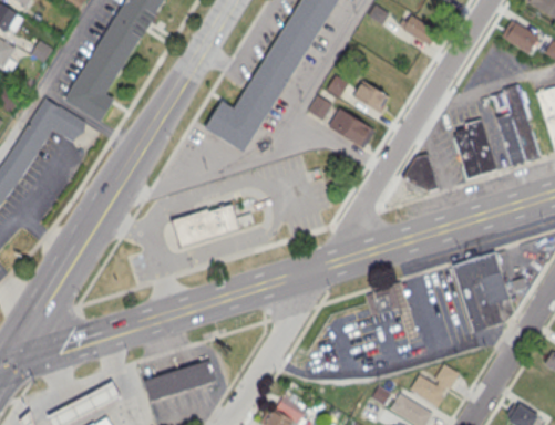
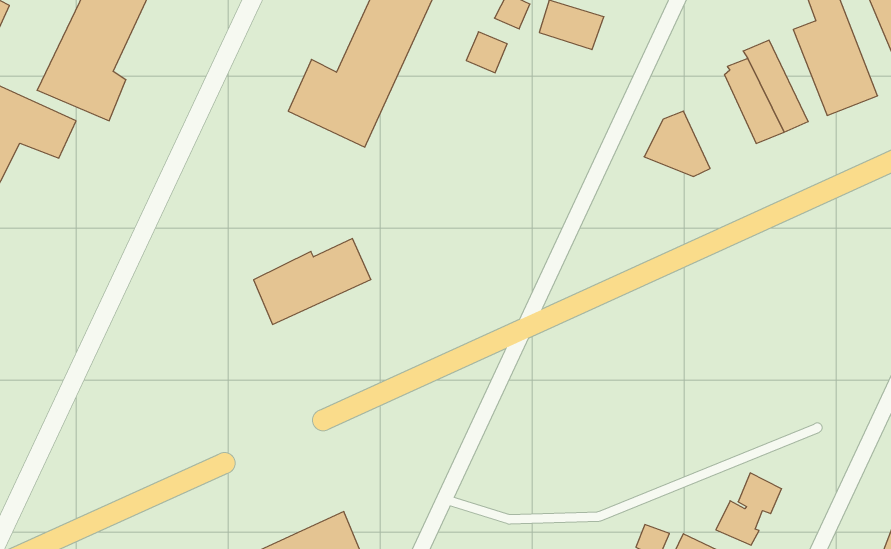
building: [327,110,374,151] -> none
building: [451,252,514,332] -> none

